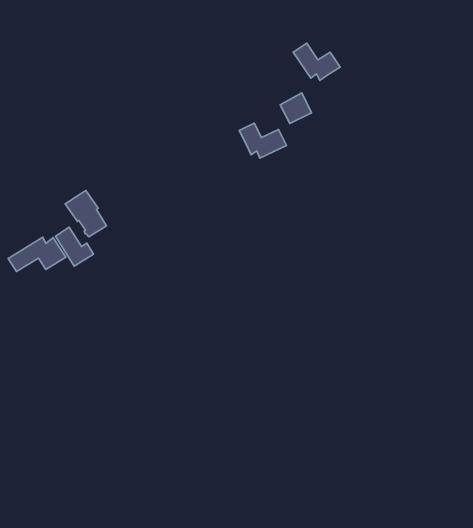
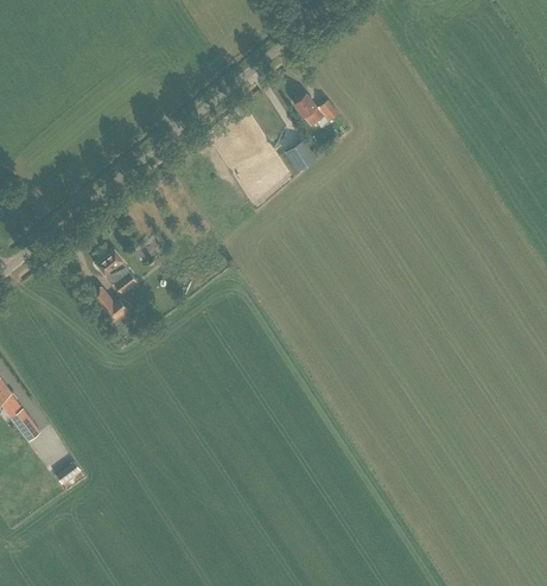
building: [239,123,287,158] -> none
building: [8,237,66,271] -> none

